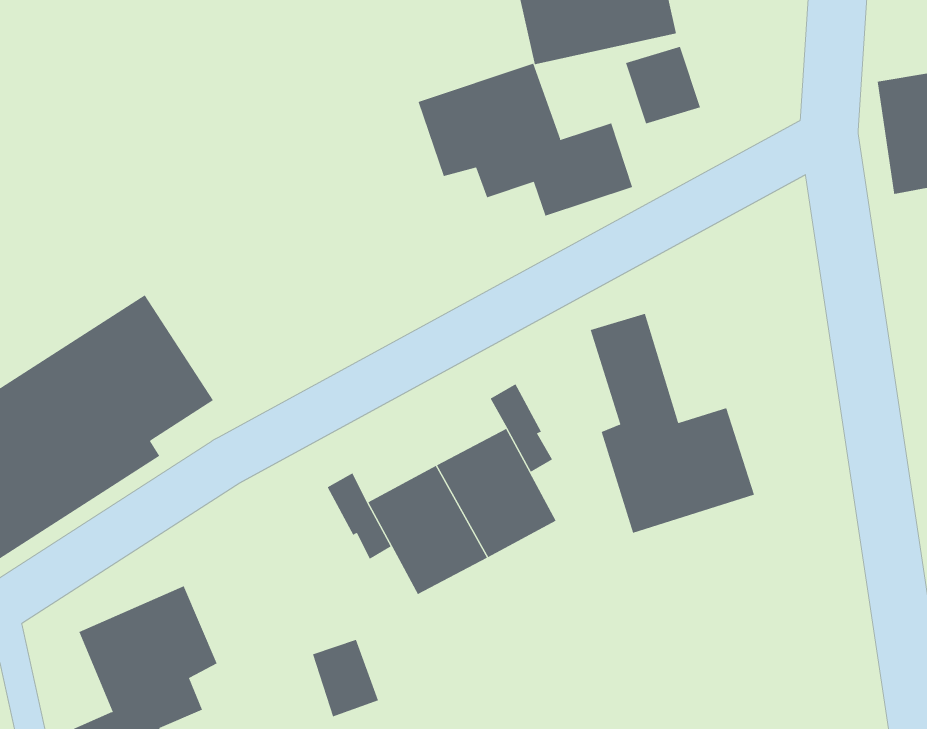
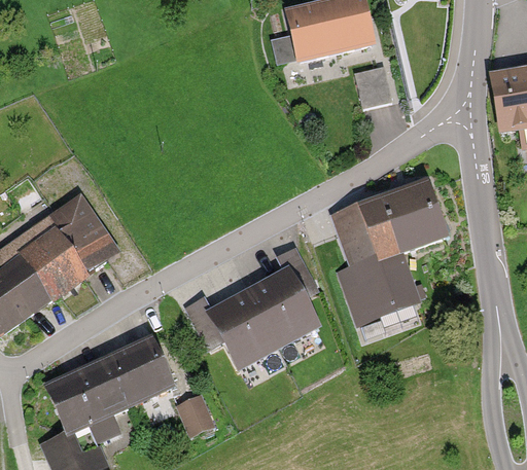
building: [418,63,633,216] -> none
building: none -> [361,182,449,264]
building: none -> [105,335,169,398]

